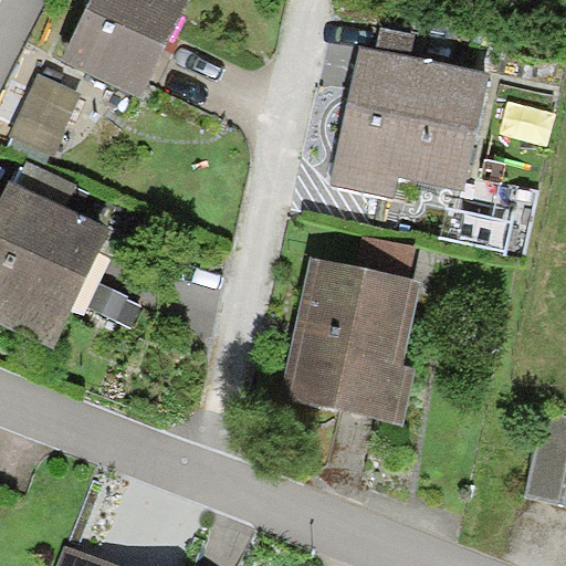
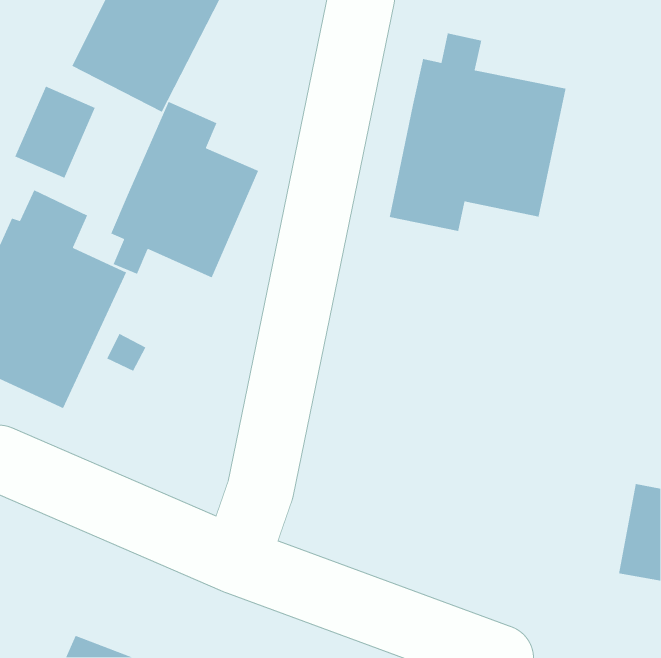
building: none -> [110,101,259,279]
building: [283,259,421,421] -> none

